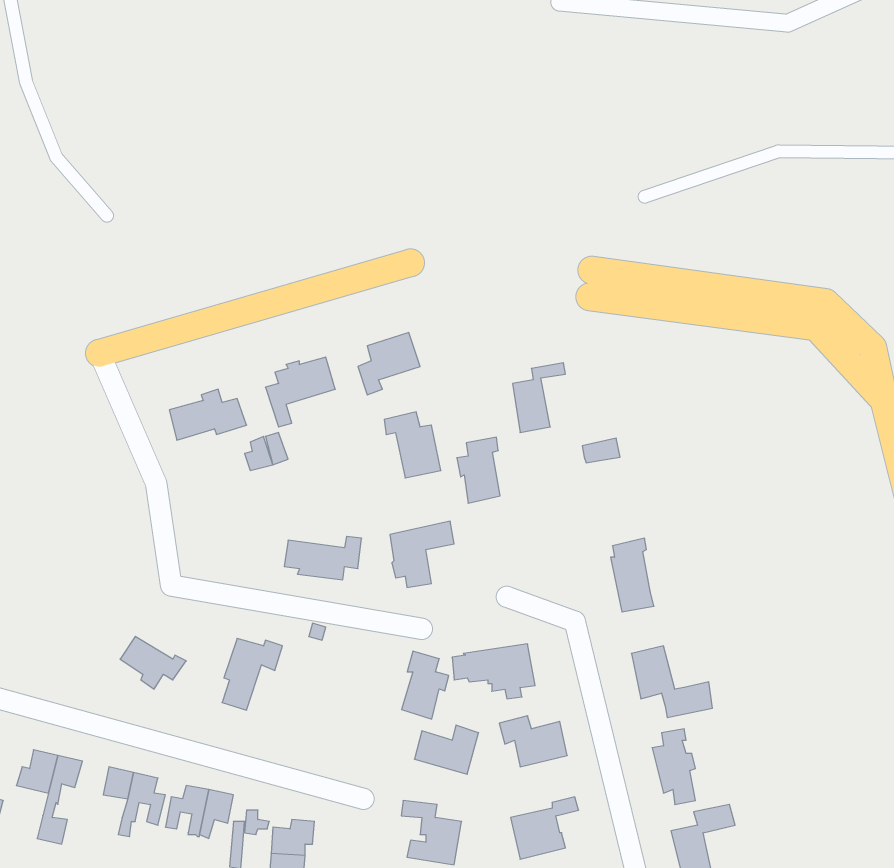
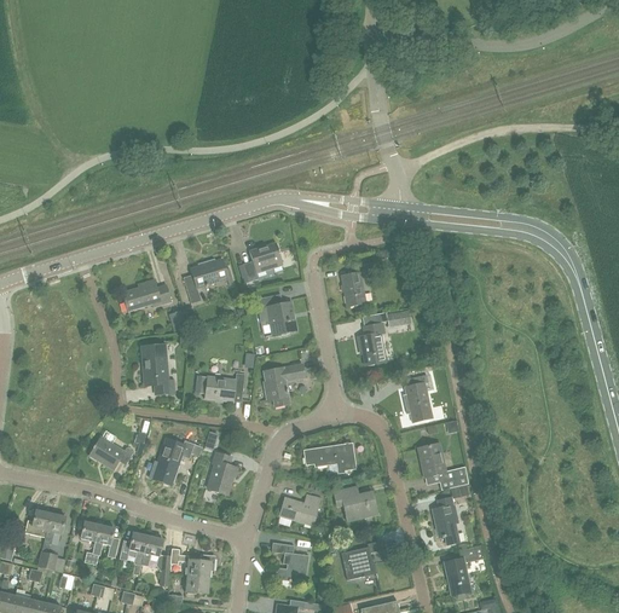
building: [457,437,500,503] -> [357,323,384,365]
building: none -> [140,345,173,393]
building: [402,651,449,719] -> [207,451,237,495]

